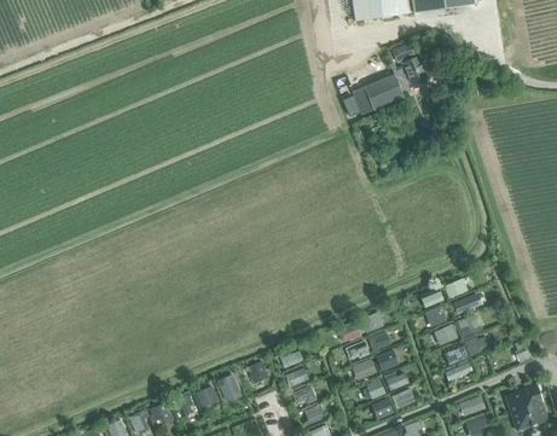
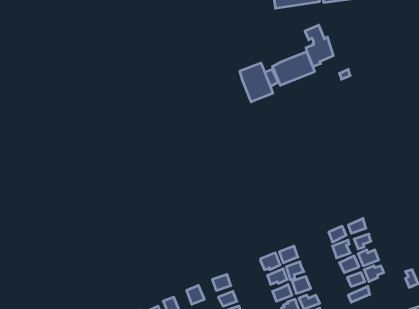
building: none -> [240,63,273,102]

